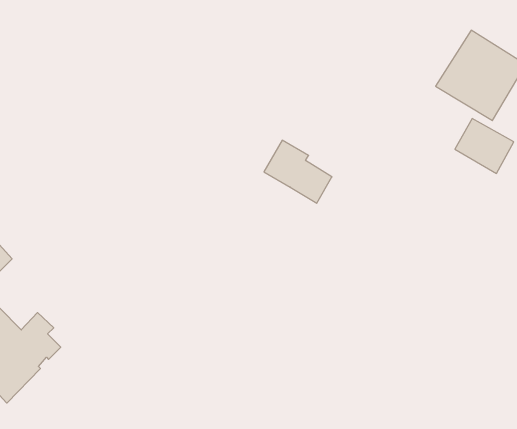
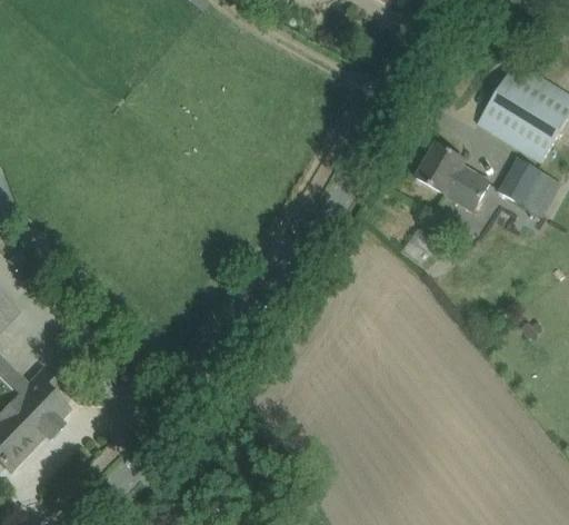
building: [264,140,332,203] -> [416,142,490,211]

